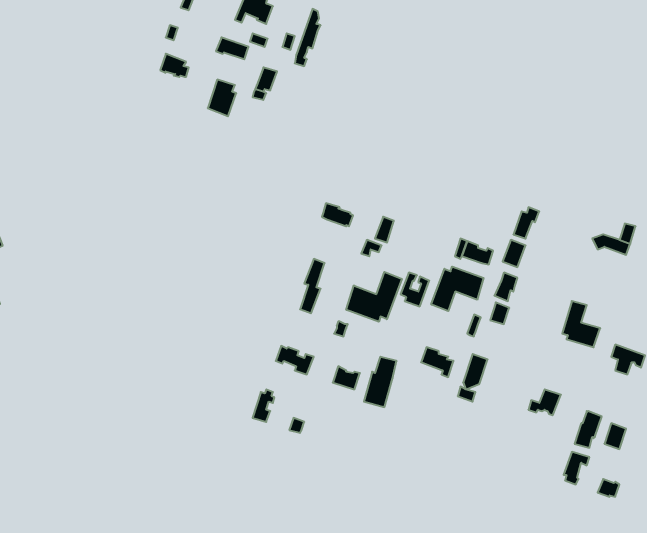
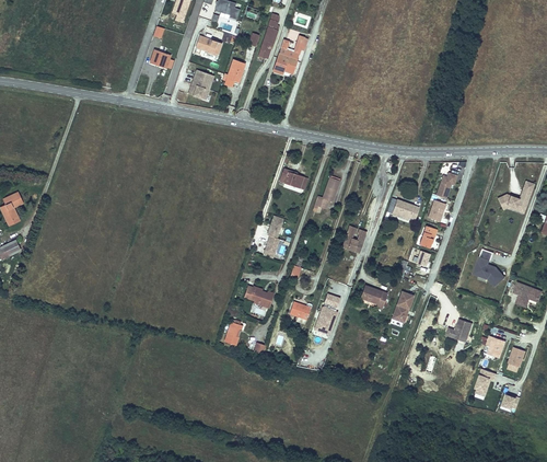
building: none -> [272,36,309,74]
building: [431,267,484,311] -> none
building: [346,272,402,322] -> none

